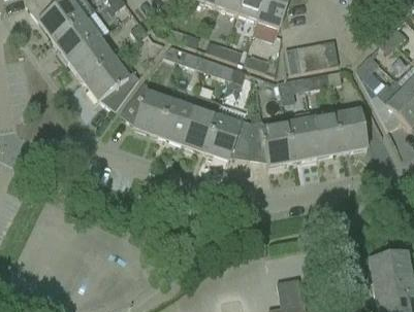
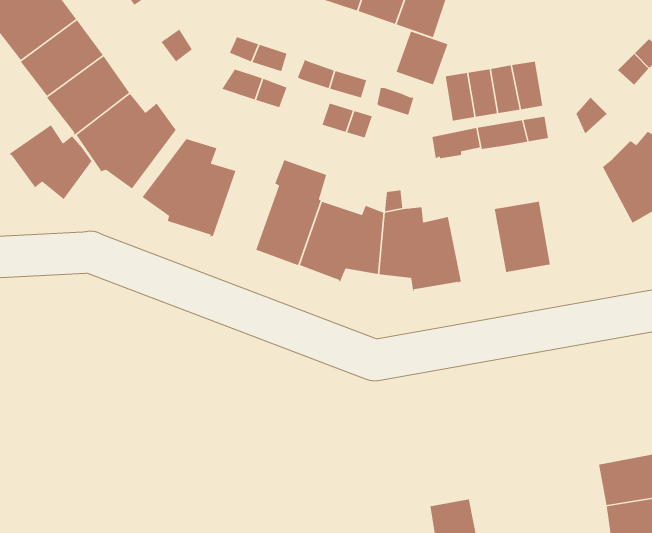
building: none -> [9,124,92,200]
building: [159,99,194,143] -> none
building: [287,109,318,160] -> none
building: [337,111,367,150] -> none

